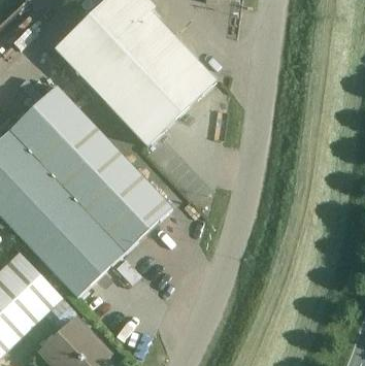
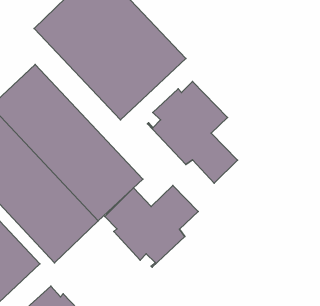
building: none -> [147,82,237,183]
building: none -> [105,185,198,267]

